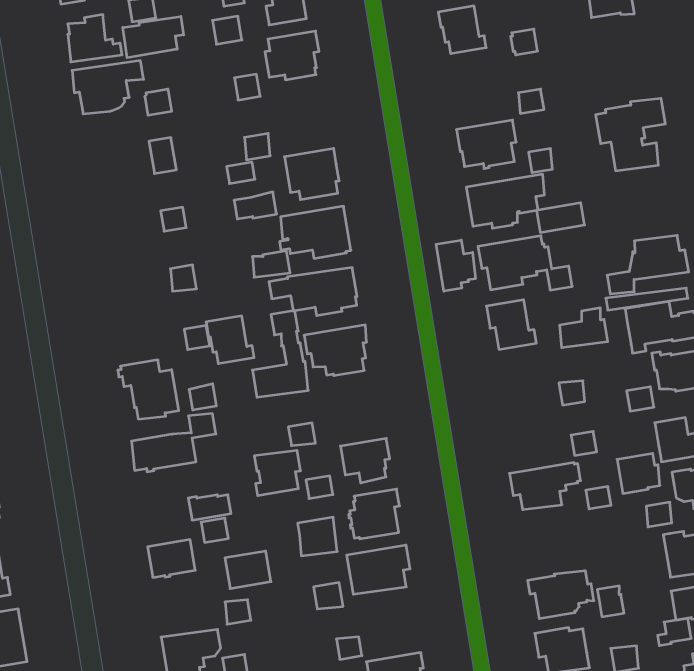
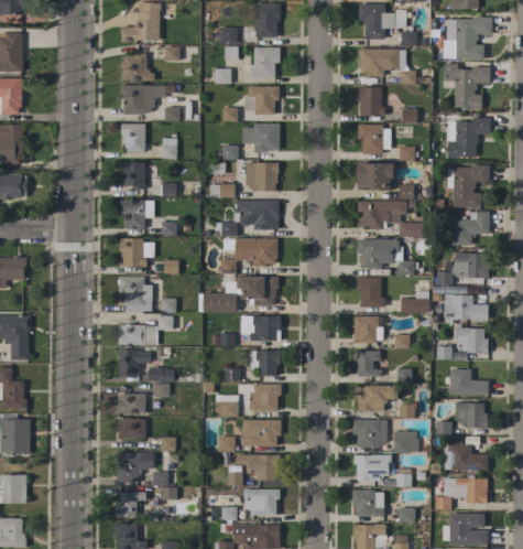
building: [123,16,184,58] -> none
building: none -> [446,117,490,158]
building: none -> [357,123,391,154]
building: none -> [242,123,280,152]
building: none -> [120,123,144,152]
building: none -> [450,212,489,245]
building: none -> [120,162,156,189]
building: [436,240,475,291] -> none
building: none -> [120,200,153,228]
building: [206,316,254,364] -> [120,238,146,266]
building: none -> [353,316,383,343]
building: none -> [353,351,381,377]
building: [254,450,301,496] -> [250,315,280,341]
building: [617,453,660,493] -> [393,431,418,453]
building: none -> [118,349,150,376]
building: none -> [352,420,386,448]
building: [225,551,271,589] -> [118,419,144,439]
building: none -> [237,454,280,481]

